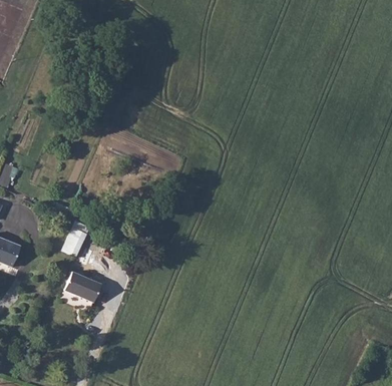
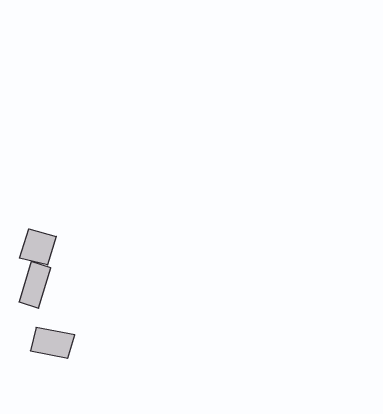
building: none -> [19,229,56,265]

